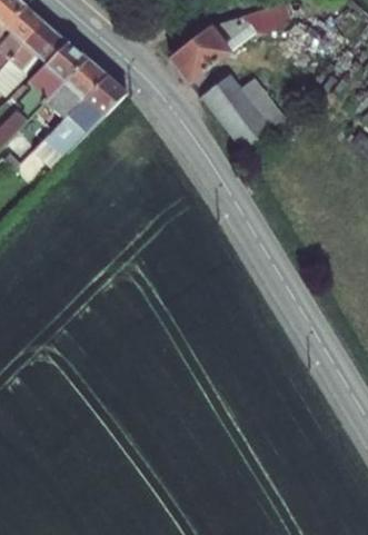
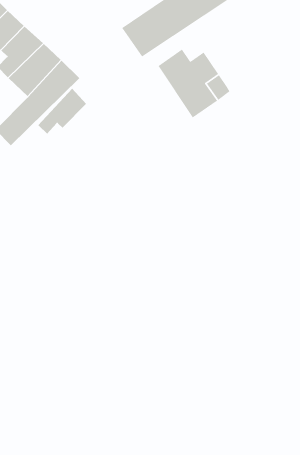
building: none -> [37,88,87,134]

